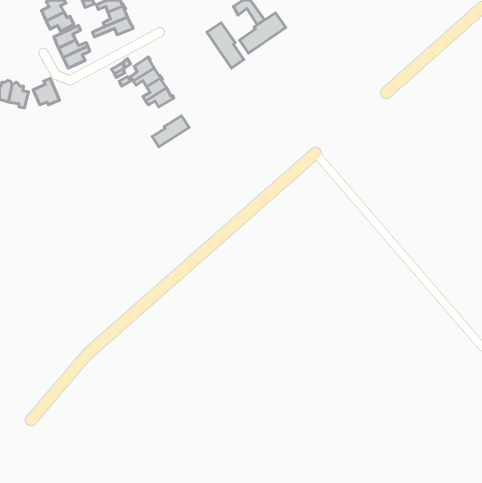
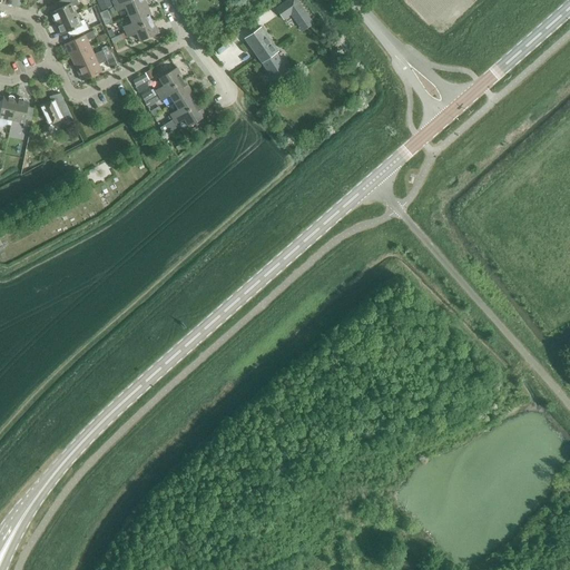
building: [239,13,286,53] -> none
building: [152,116,189,147] -> none

